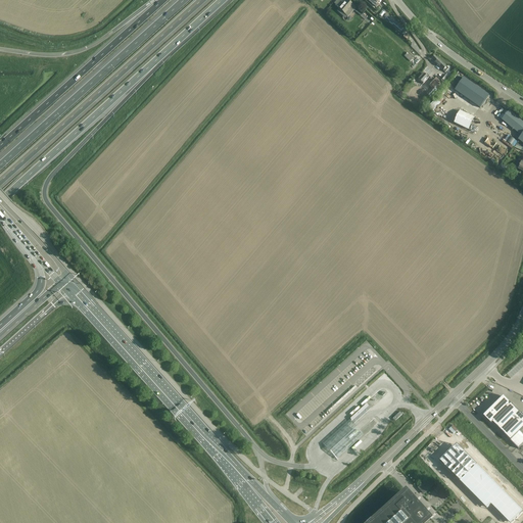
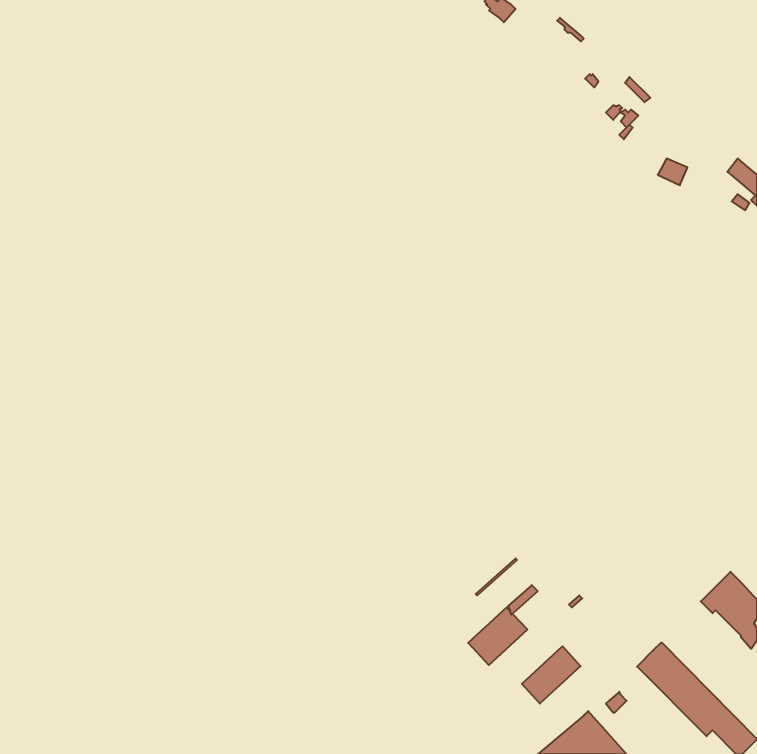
building: [455,76,489,106] -> none
building: none -> [522,646,581,704]

